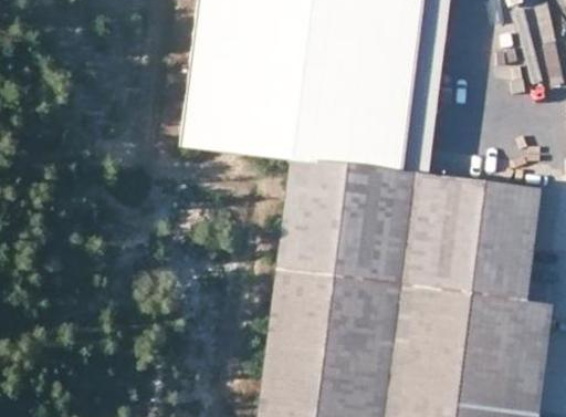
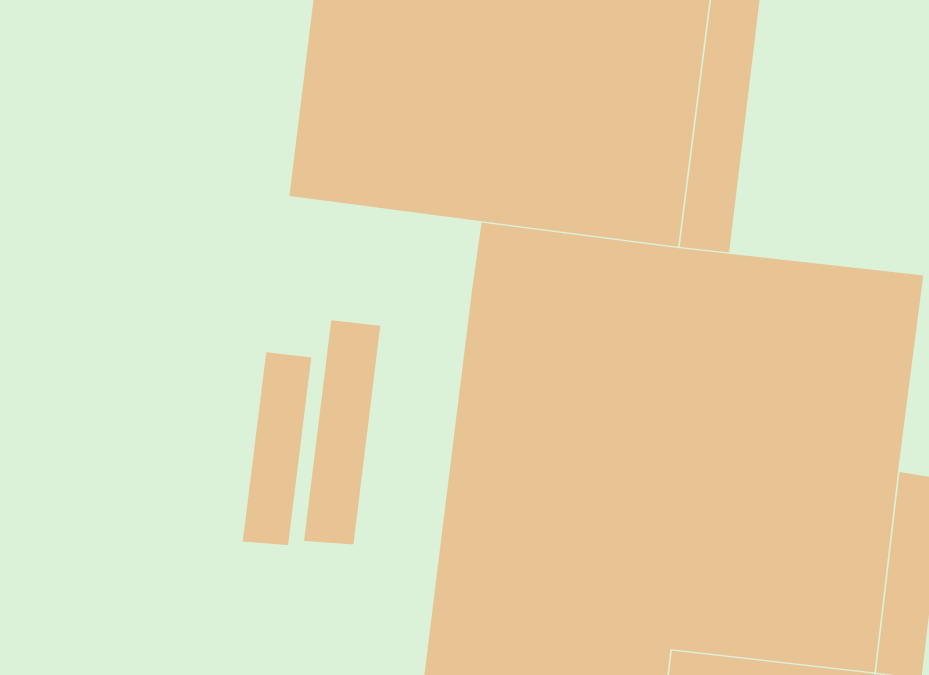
building: none -> [303,319,381,545]
building: none -> [242,352,312,546]

